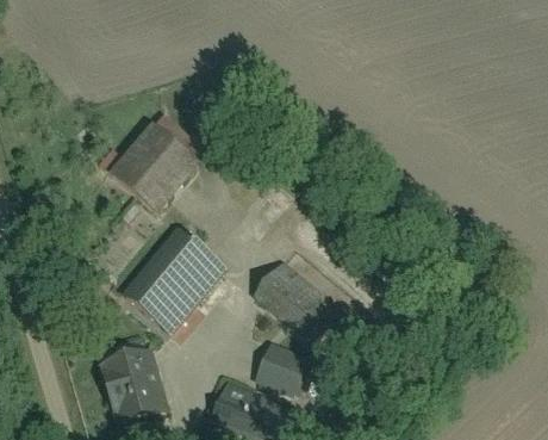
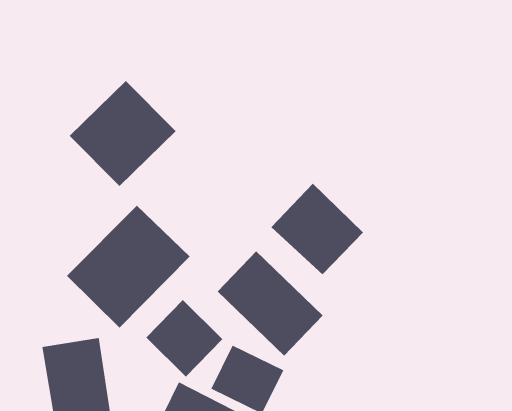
building: none -> [271,183,364,275]
building: none -> [145,299,223,377]

